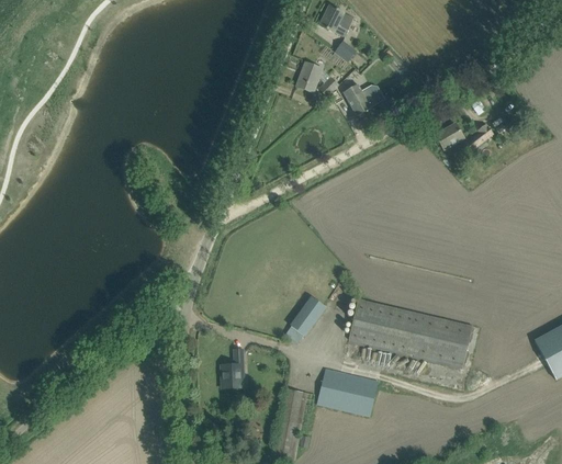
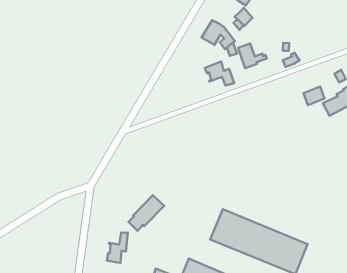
building: none -> [205,62,234,86]
building: [285,295,327,343] -> [129,195,164,231]

